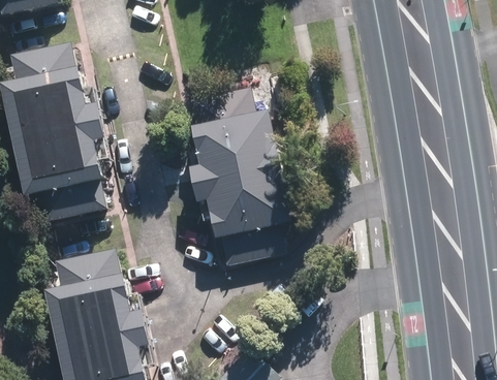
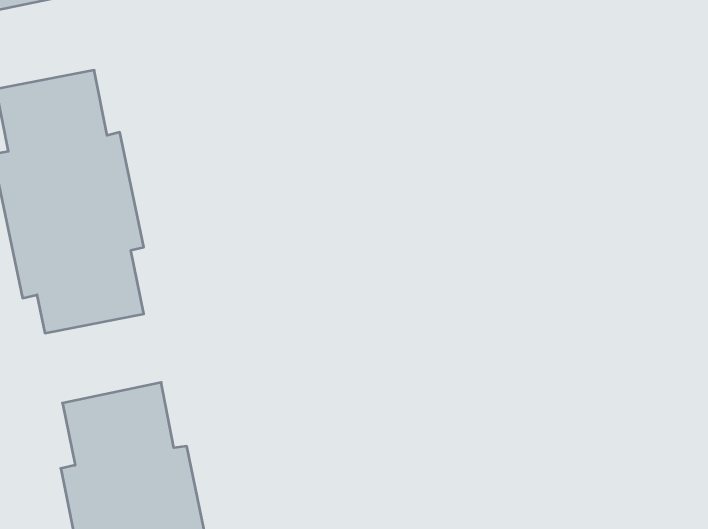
building: [187,89,284,259] -> none

